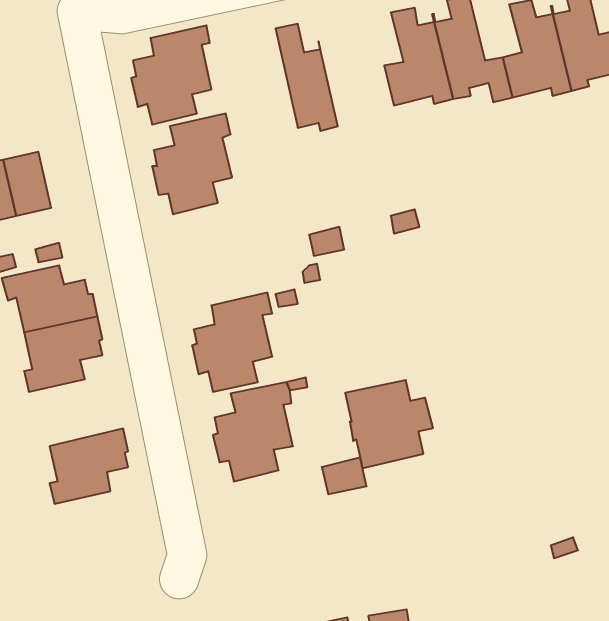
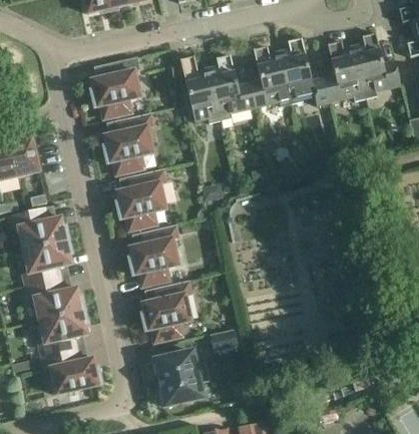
building: none -> [207,54,255,120]
building: none -> [116,168,166,231]
building: none -> [26,279,85,321]
building: [345,380,433,468] -> [154,351,210,406]
building: none -> [42,349,102,395]

